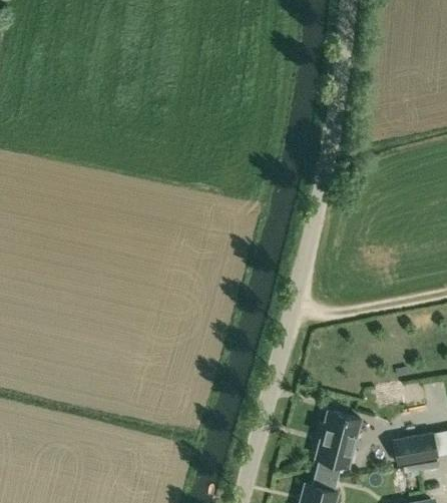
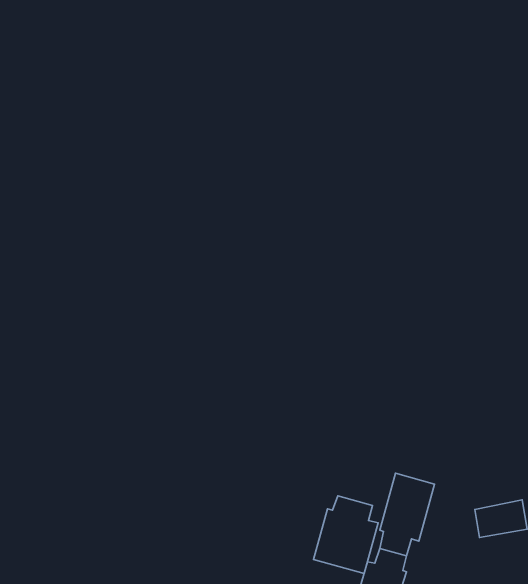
building: none -> [314,496,378,573]

